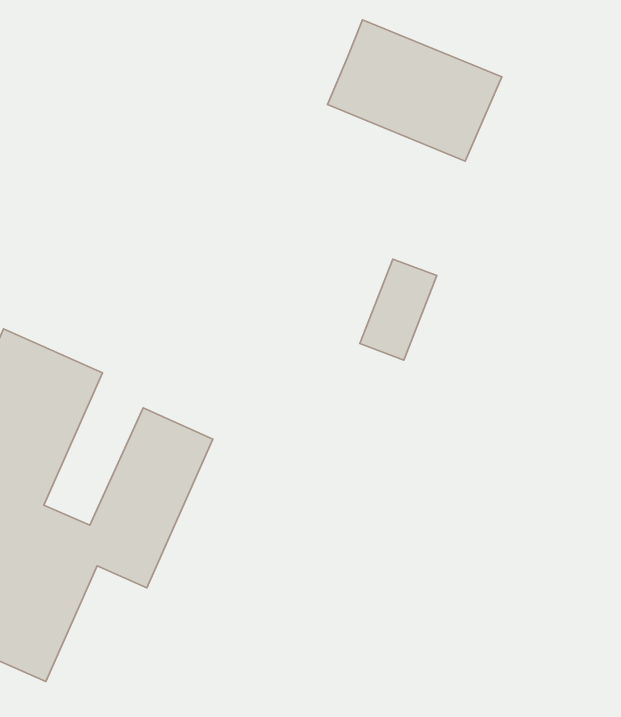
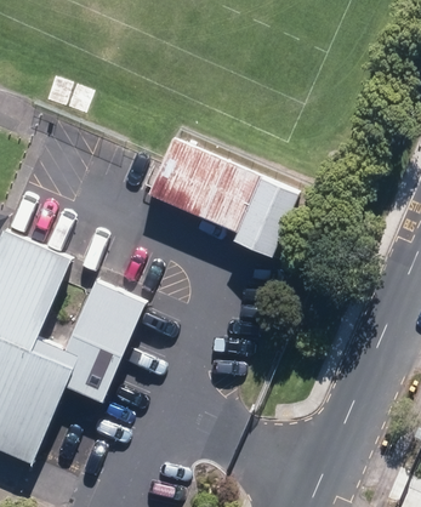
building: [327,20,502,161] -> [146,137,261,230]

